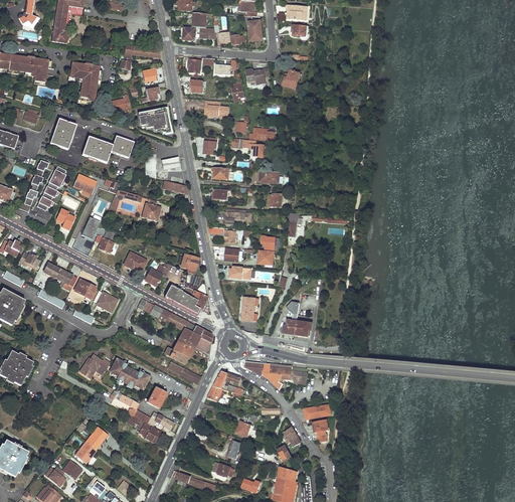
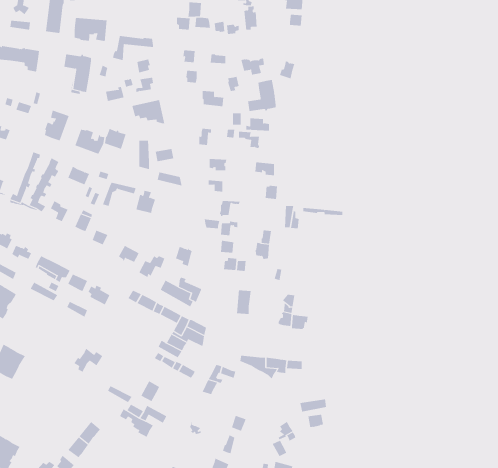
building: none -> [74,17,107,42]
building: none -> [248,79,276,112]
building: [109,358,149,389] -> none

